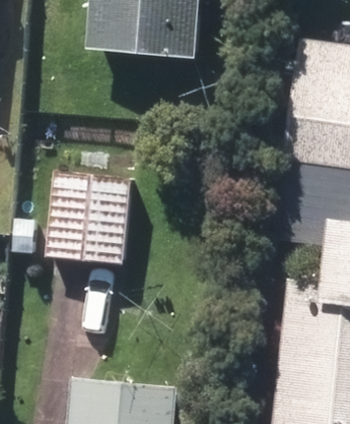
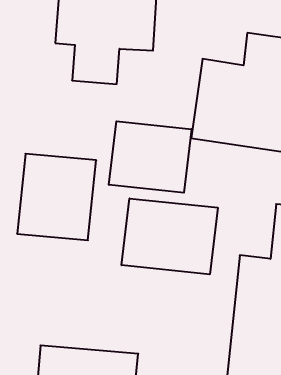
building: none -> [109,121,191,193]
building: none -> [122,198,218,274]

